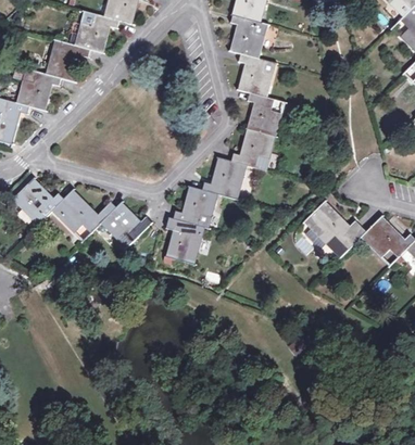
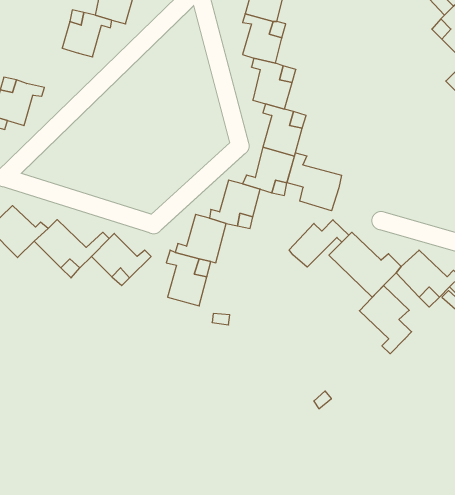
building: [46,39,90,81] -> none
building: none -> [287,153,342,211]
building: none -> [289,220,349,267]
building: none -> [359,285,412,354]

